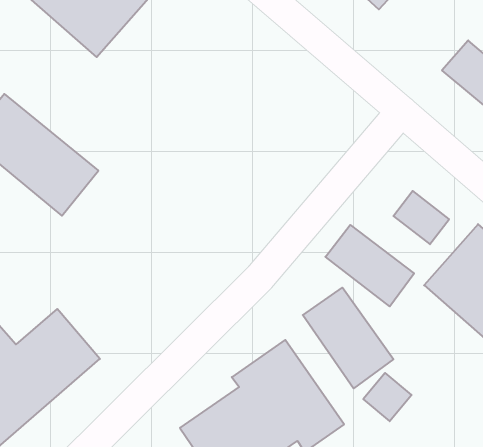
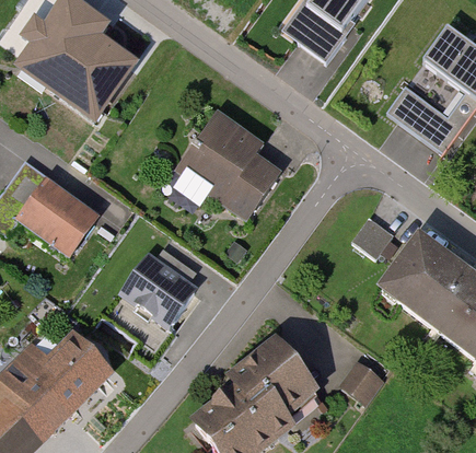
building: none -> [179,108,285,216]
building: [325,225,414,306] -> none
building: none -> [117,255,201,333]
building: [303,288,393,388] -> none

